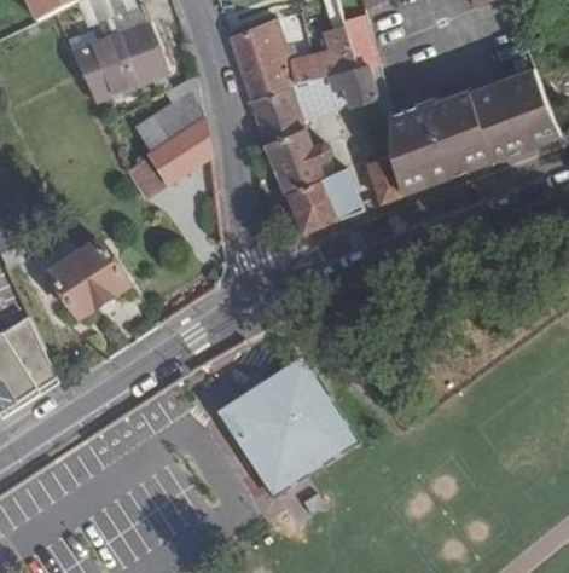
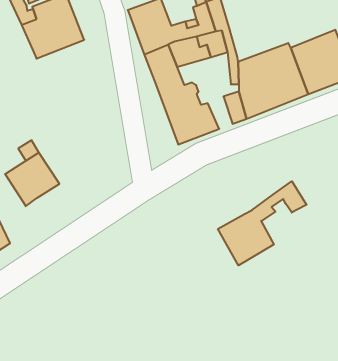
building: [124,79,208,202] -> none
building: none -> [218,181,307,265]
building: [220,363,352,496] -> none

